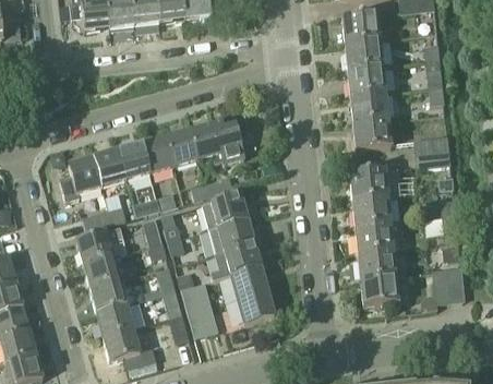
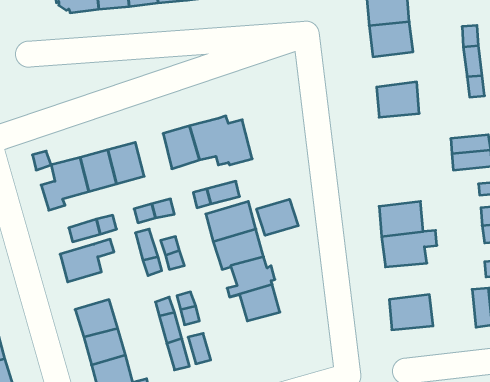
building: [348,63,386,94] -> none
building: [353,117,392,147] -> none
building: [142,134,173,171] -> none
building: [350,166,399,197] -> none
building: none -> [257,199,298,235]
building: [359,247,397,278] -> none
building: [83,253,127,287] -> none
building: [239,289,274,322] -> none

